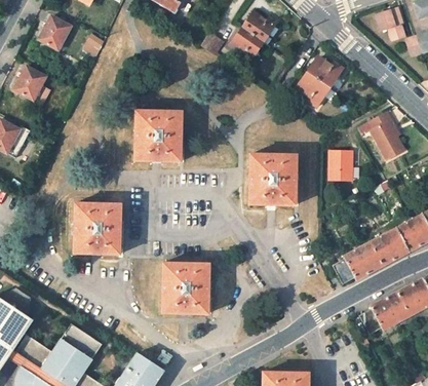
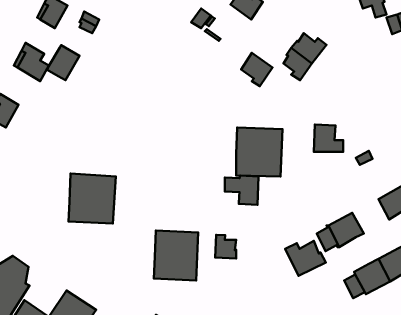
building: [231,26,264,61] -> [241,53,272,86]
building: none -> [47,45,80,80]
building: [133,110,182,163] -> none
building: [368,110,407,165] -> none
building: none -> [225,176,259,205]
building: [369,229,408,265] -> none
building: none -> [215,235,236,259]
building: none -> [285,241,326,276]

